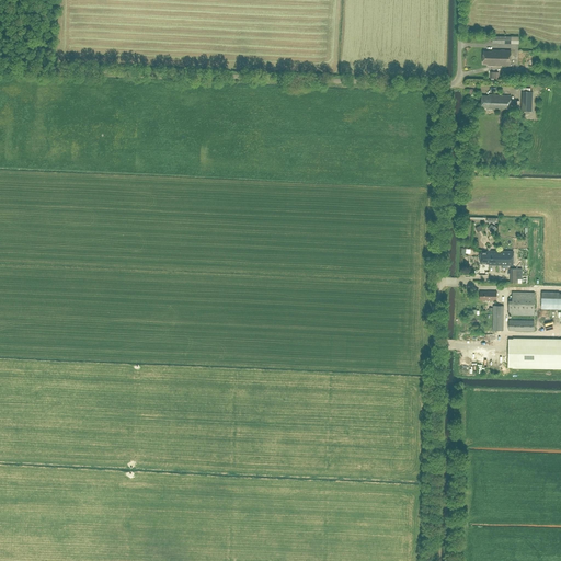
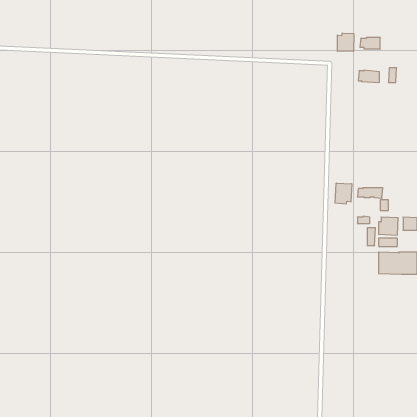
building: none -> [337,33,354,51]
building: none -> [335,183,352,204]

